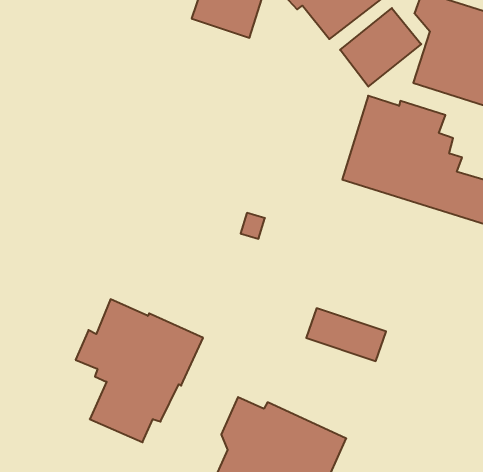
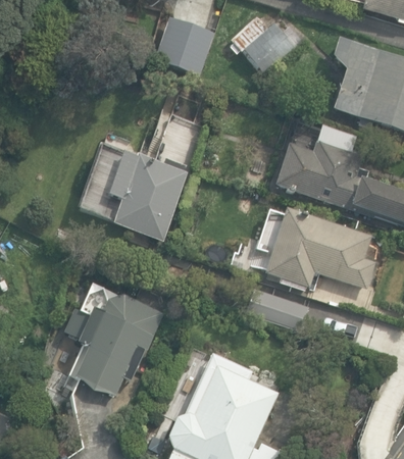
building: [340,8,421,87] -> none
building: none -> [78,141,189,241]
building: none -> [265,209,374,289]

